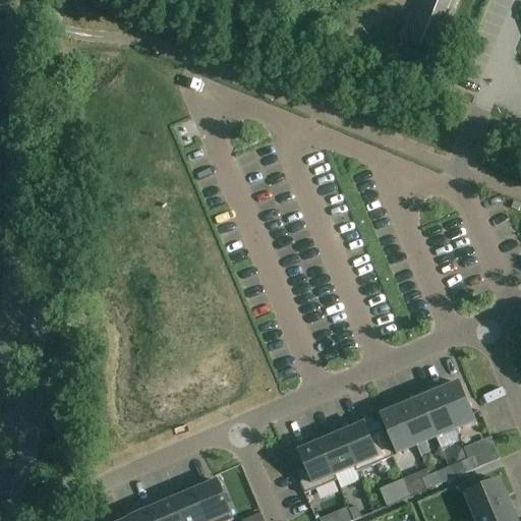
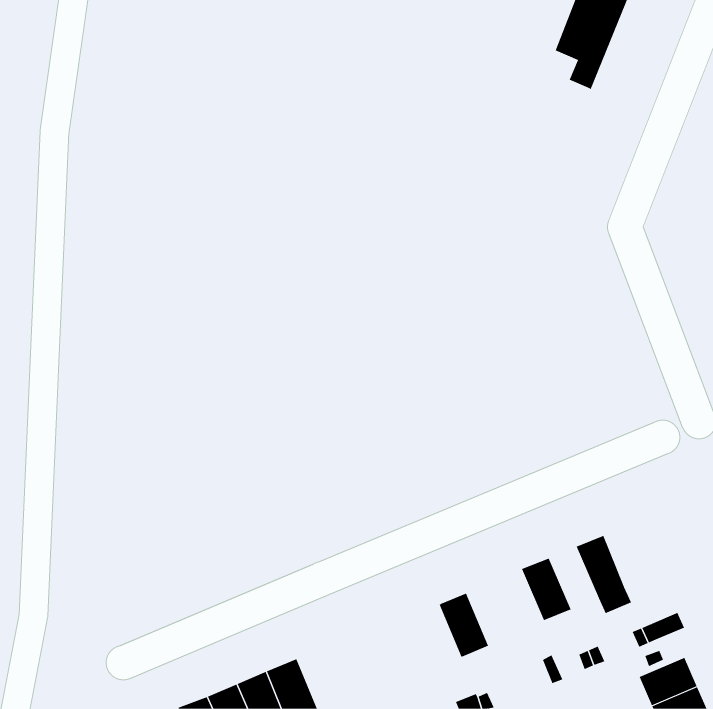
building: [439,381,474,426] -> none
building: [399,397,435,443] -> none
building: [339,420,392,469] -> none
building: [293,439,335,490] -> none

